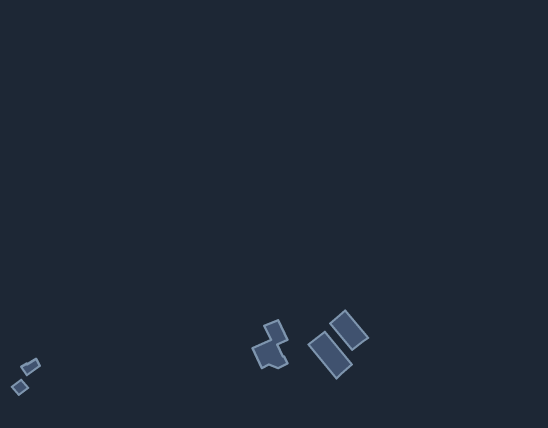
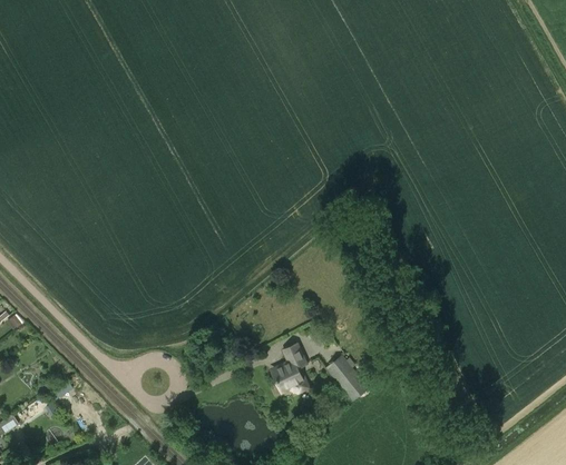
building: [330,310,368,350] -> none

